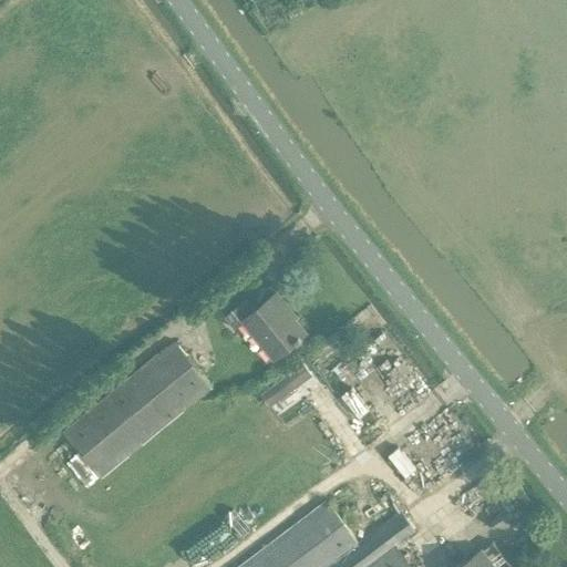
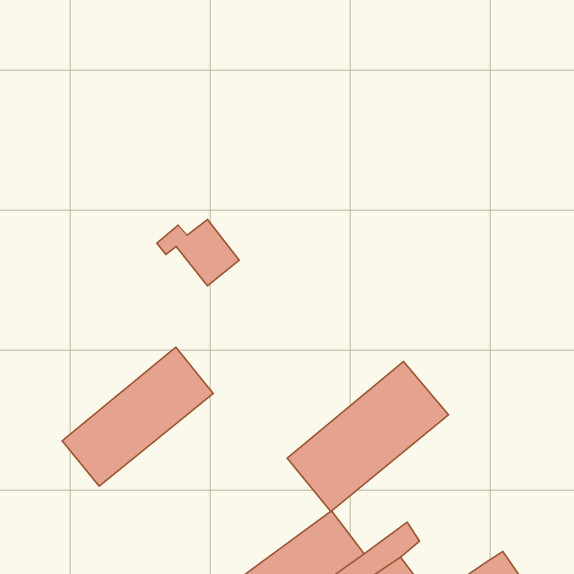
building: [224,296,305,361] -> [157,219,239,286]
building: none -> [287,361,448,511]

